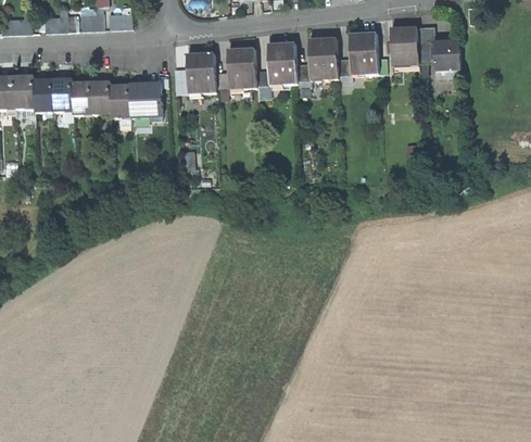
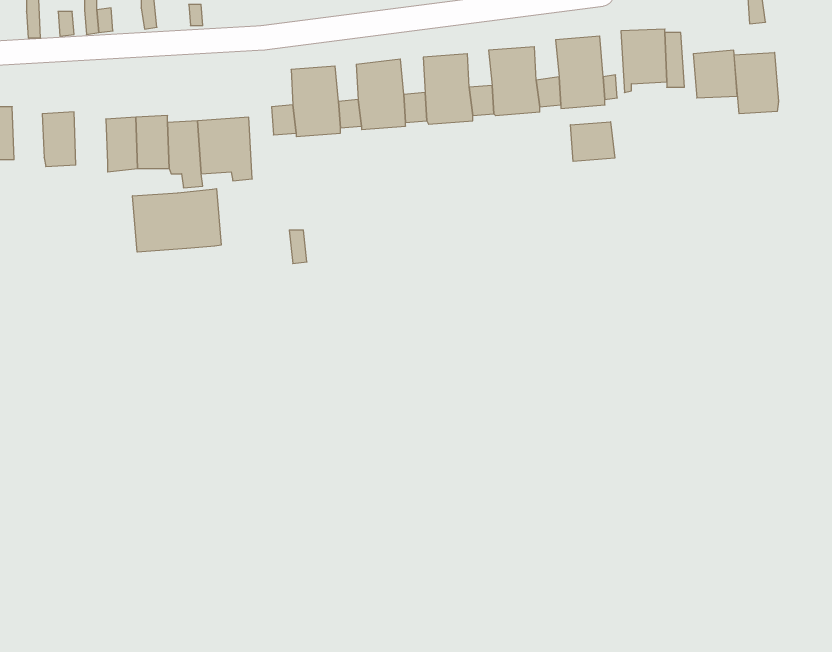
building: none -> [734,52,778,114]
building: [14,75,34,108] -> none
building: [52,78,73,111] -> none
building: none -> [570,122,615,161]
building: none -> [133,189,221,252]

